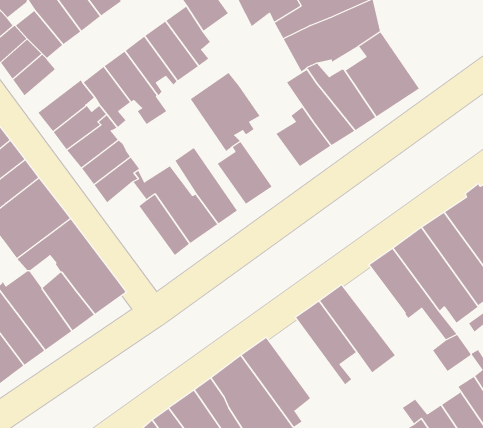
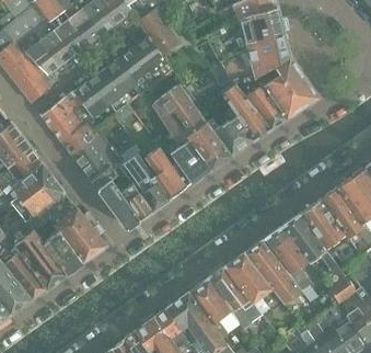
building: none -> [184,117,231,169]
building: none -> [91,166,140,227]
building: none -> [265,226,315,296]
building: none -> [207,264,264,329]

